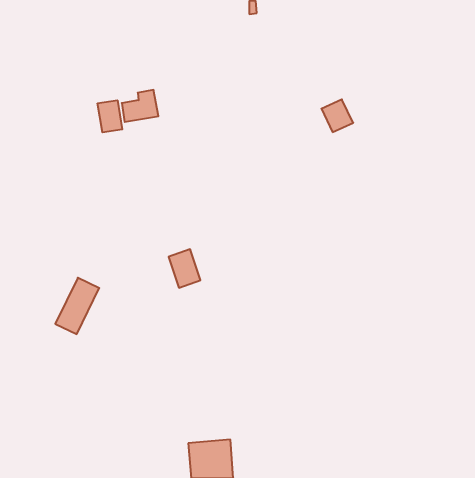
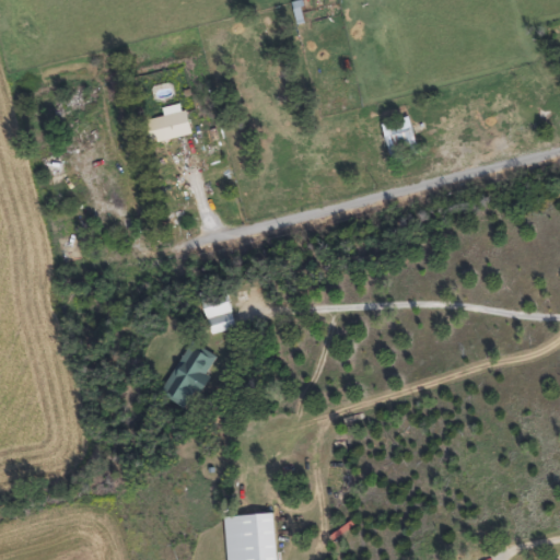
building: [98,100,122,132] -> none
building: [55,278,99,334] -> [165,343,217,409]

